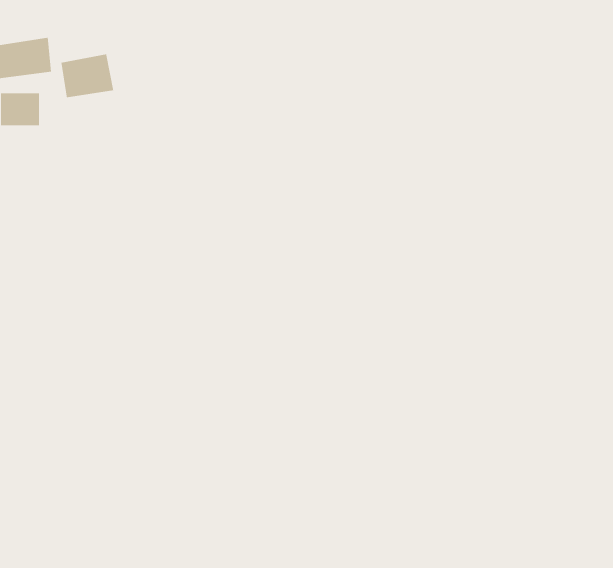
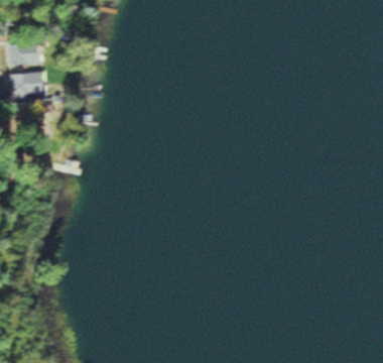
building: [61,53,114,98] -> none

